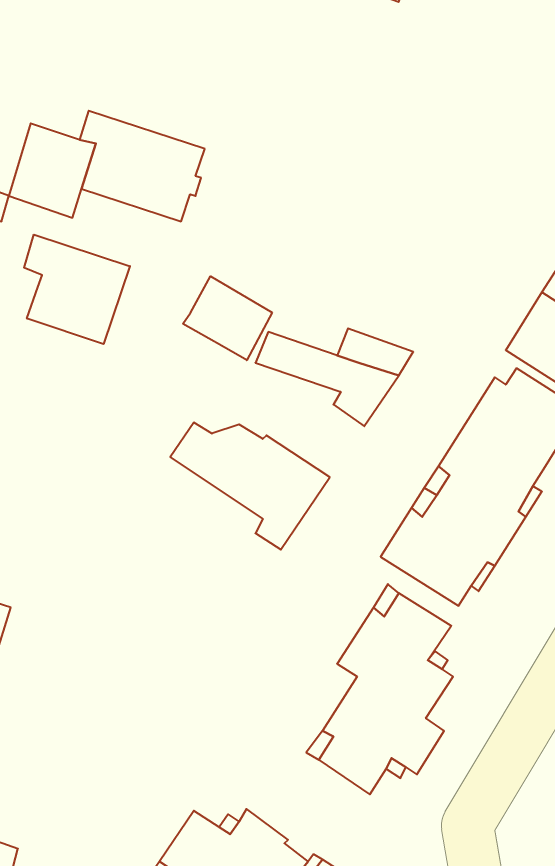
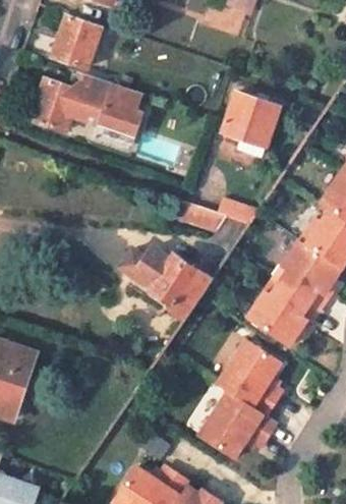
building: none -> [54,17,111,69]
building: none -> [223,94,276,147]
building: [24,235,130,344] -> none
building: [183,276,272,360] -> none

